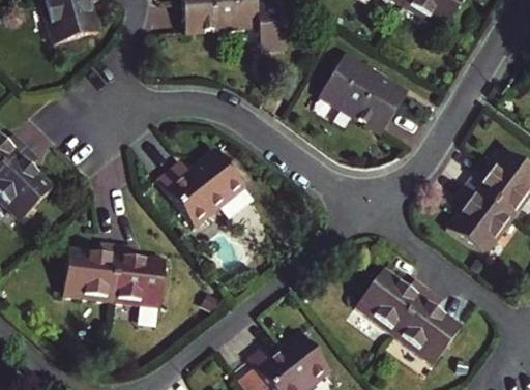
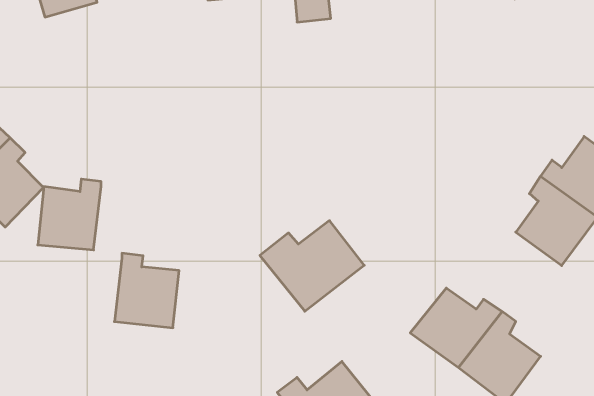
building: [320,55,406,132] -> none
building: [155,149,242,224] -> [260,221,364,311]
building: [63,240,116,299] -> [38,179,101,250]

